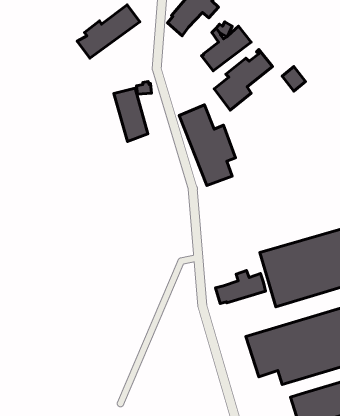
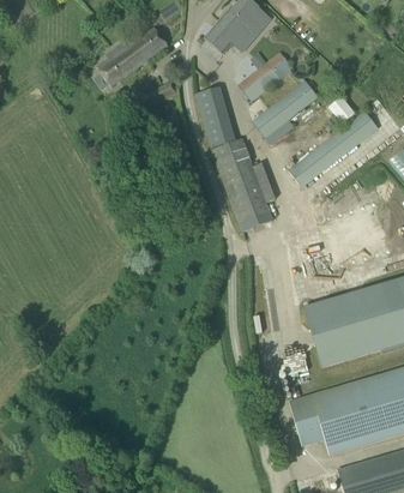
building: none -> [288,110,379,190]
building: [114,88,148,141] -> [195,88,234,148]
building: [215,270,266,303] -> none

